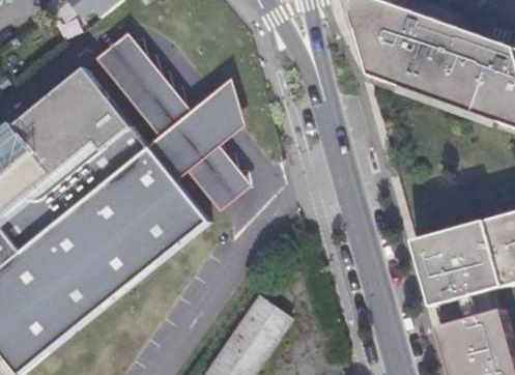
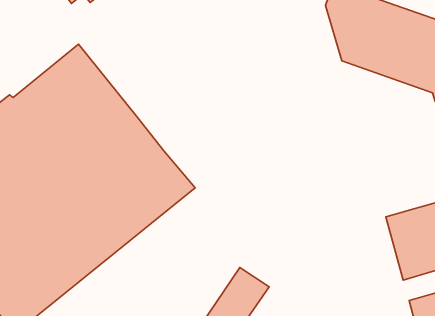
building: [96,27,253,203] -> none

